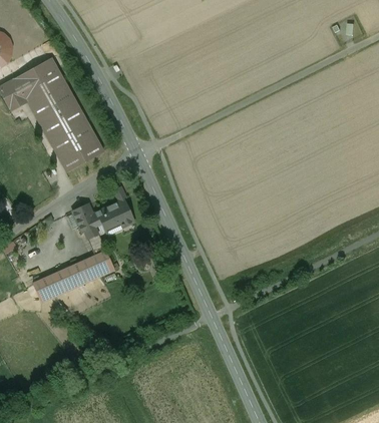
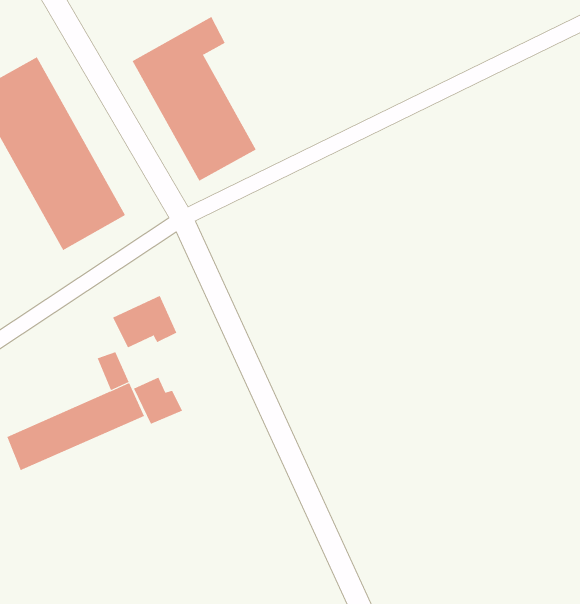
building: none -> [132,16,256,181]
building: [72,203,101,232] -> [133,377,183,424]

